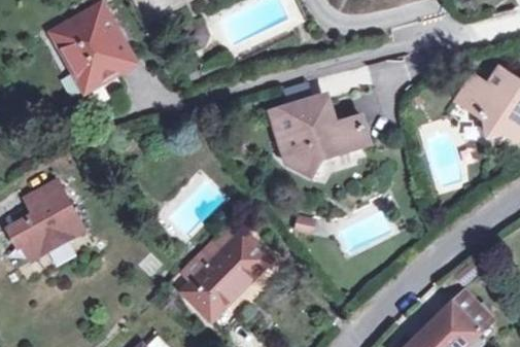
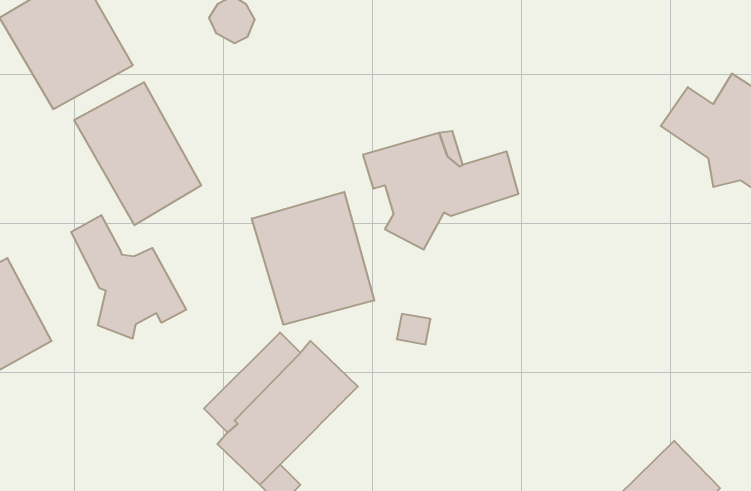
building: none -> [74,82,201,225]
building: none -> [252,192,374,325]
building: none -> [71,215,186,339]

